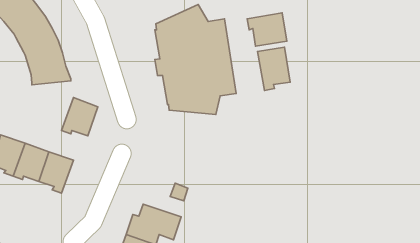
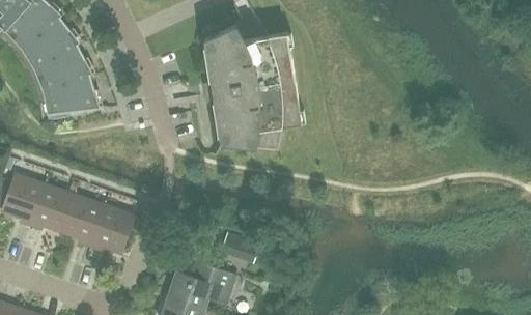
building: [247,13,287,46] -> none
building: [258,47,290,90] -> none
building: [62,98,98,136] -> [88,206,133,253]

